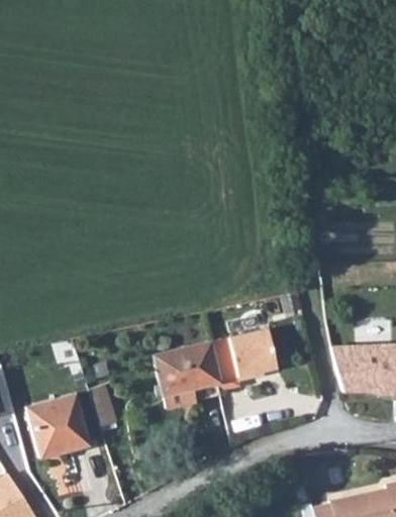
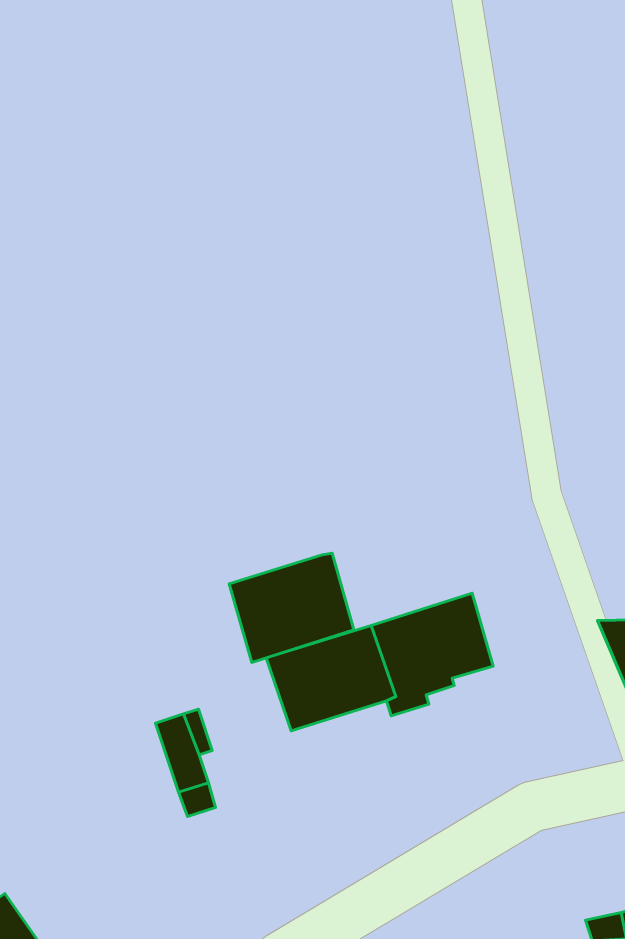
building: none -> [229,553,354,662]
building: [35,392,88,452] -> none

